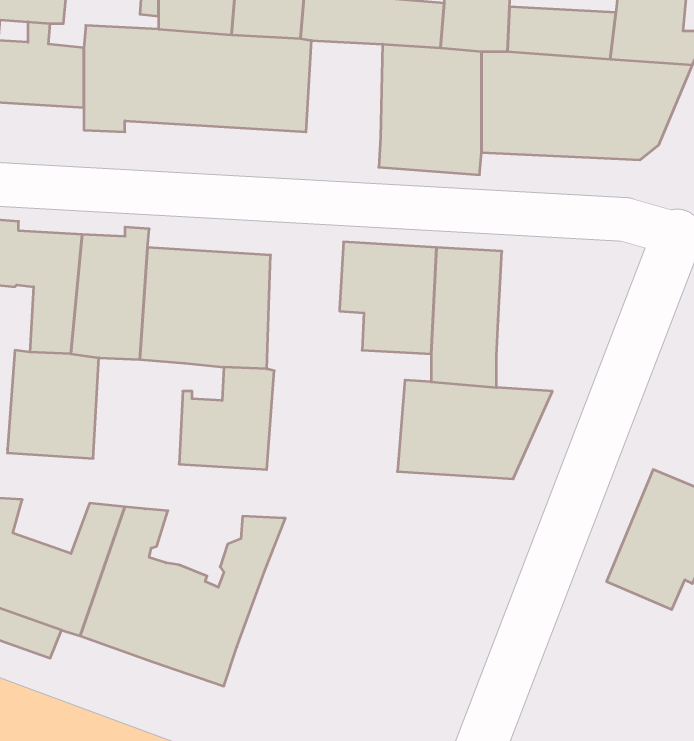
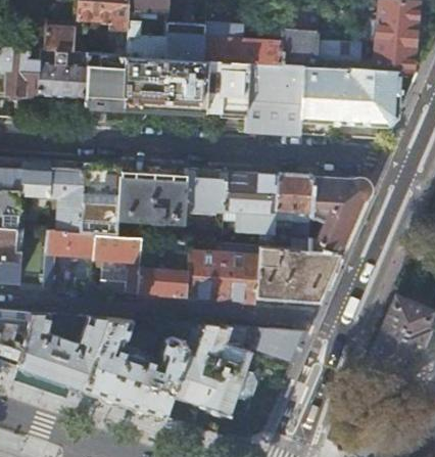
building: none -> [206,61,248,115]
building: none -> [186,169,227,209]
building: none -> [310,177,372,254]
building: none -> [90,235,140,293]
building: none -> [185,242,260,302]
building: none -> [168,324,256,415]
building: none -> [252,328,307,363]

